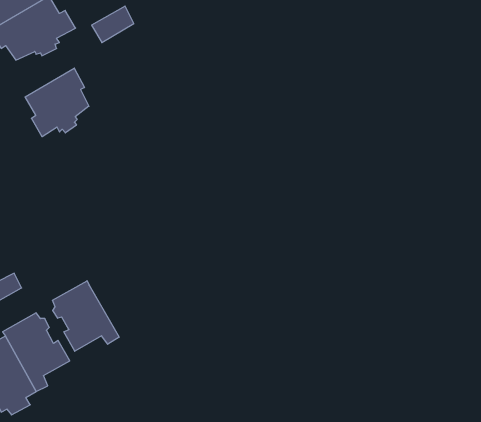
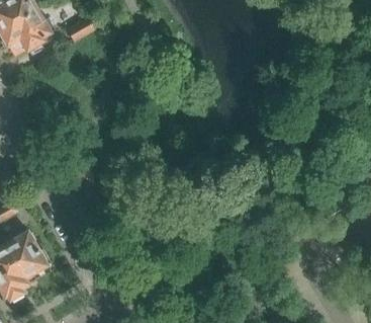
building: [25,68,89,137] -> none
building: [53,281,119,351] -> none

